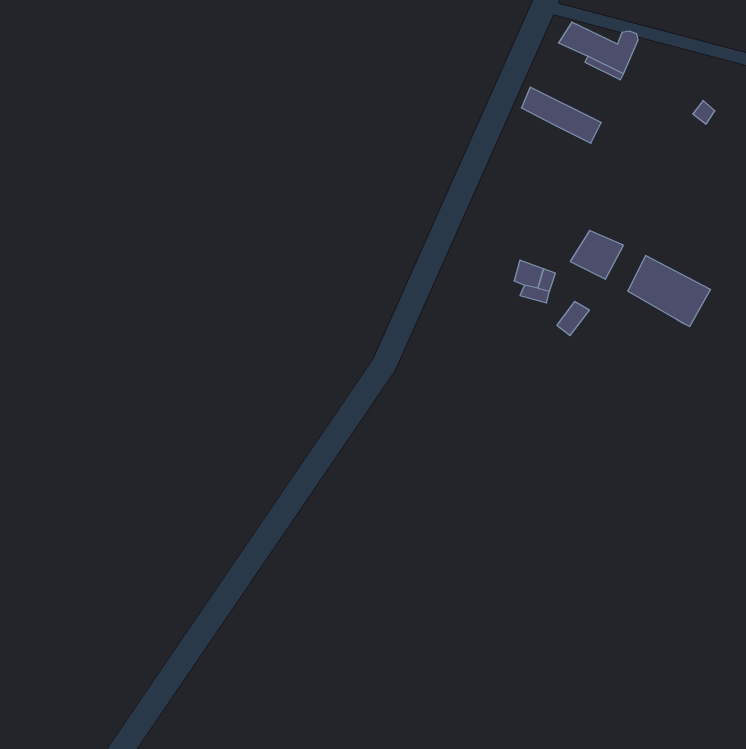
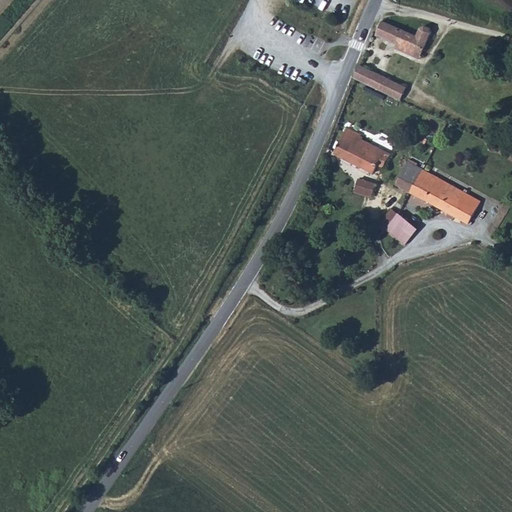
building: none -> [331,126,390,174]
building: none -> [410,170,437,201]
building: none -> [386,214,415,245]

